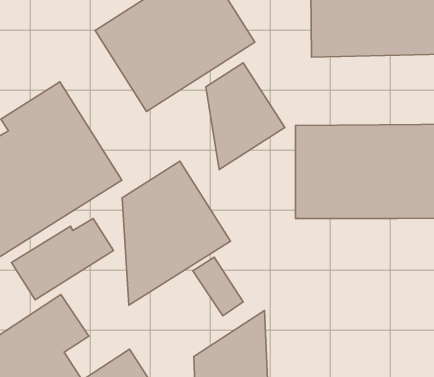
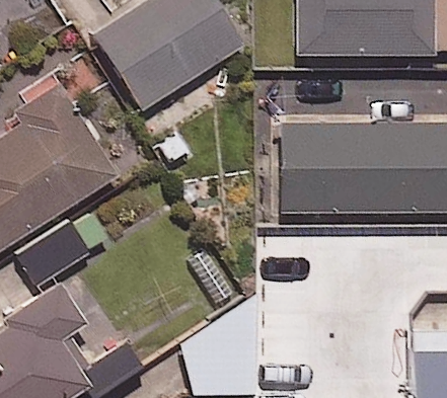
building: [206,63,285,170] -> none
building: [122,161,230,305] -> none

